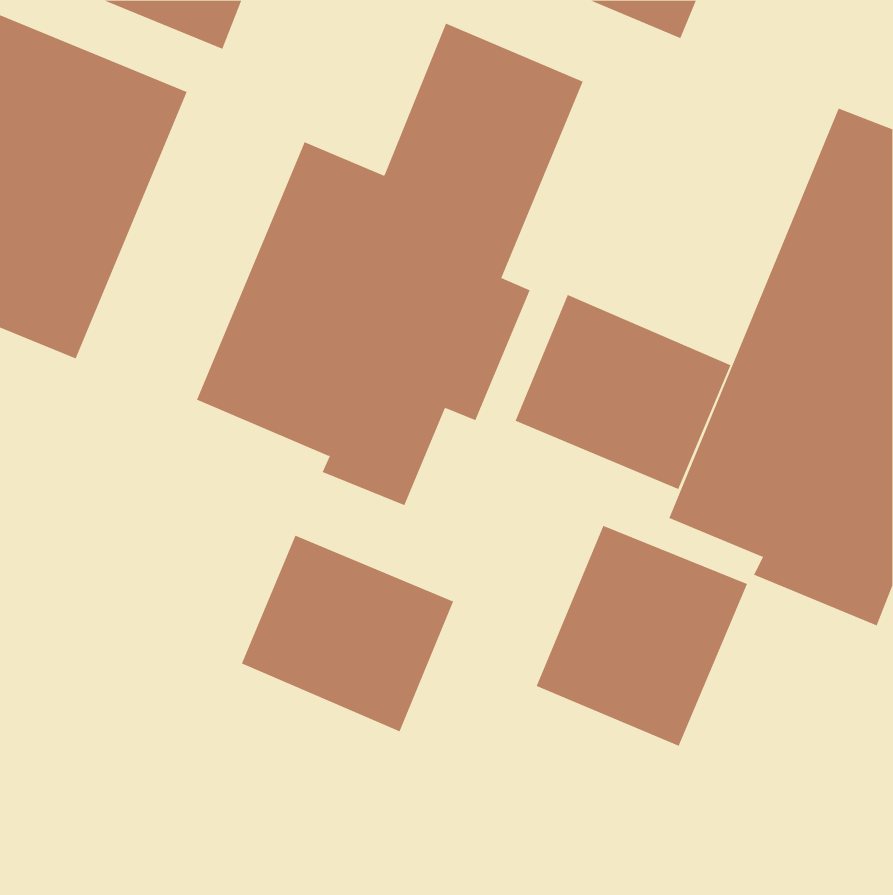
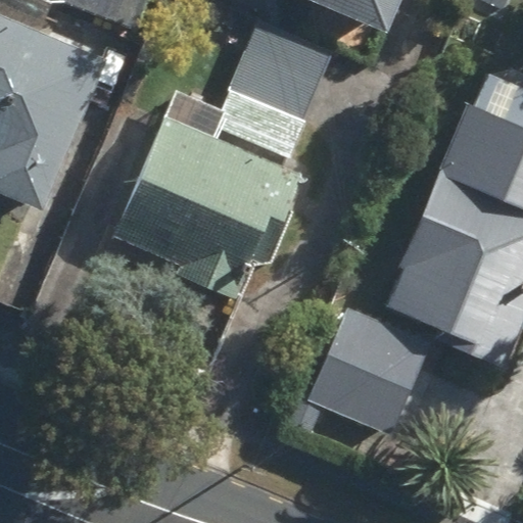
building: [515,294,731,490] -> none
building: [241,535,454,732] -> none

